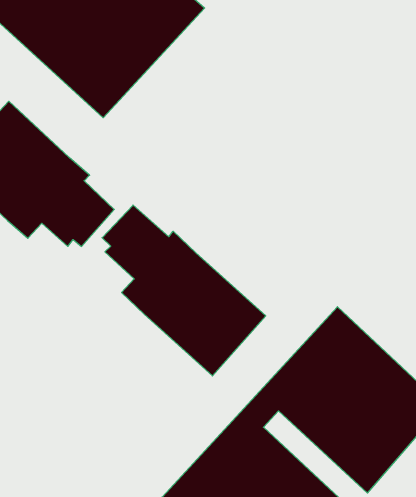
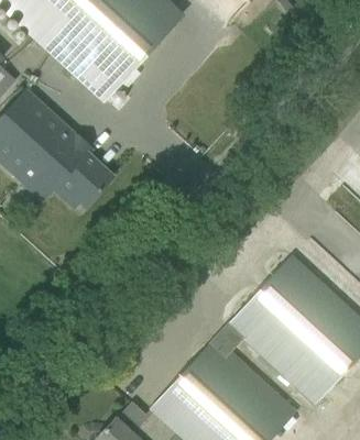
building: [102,205,266,376] -> none

